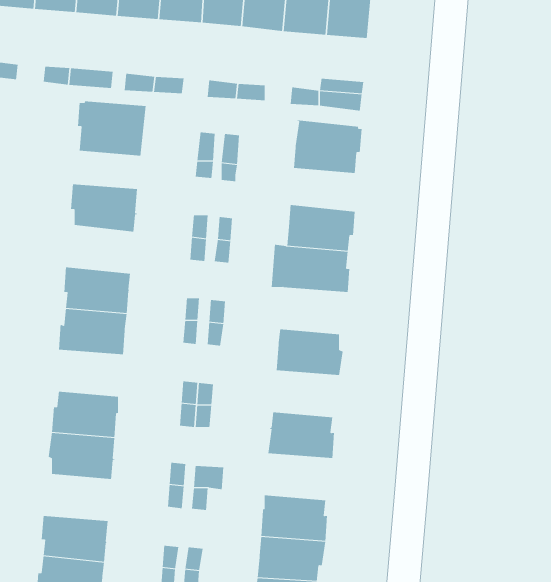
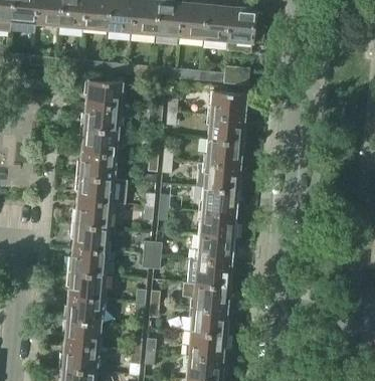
building: none -> [80,109,121,131]
building: none -> [207,119,246,144]
building: none -> [76,152,117,180]
building: none -> [201,188,241,215]
building: none -> [71,224,111,251]
building: none -> [197,236,236,263]
building: none -> [192,284,232,312]
building: none -> [63,297,104,324]

